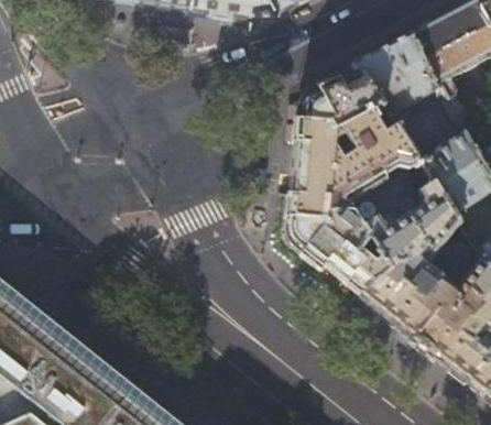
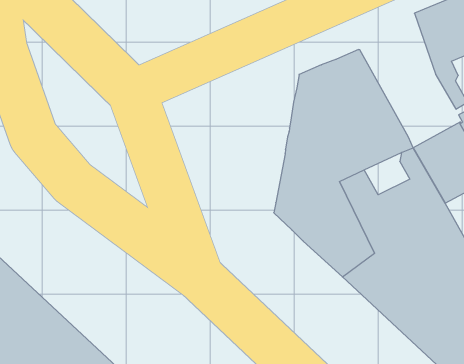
building: [356,30,445,151] -> none

